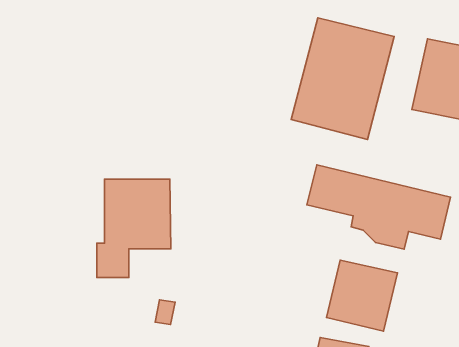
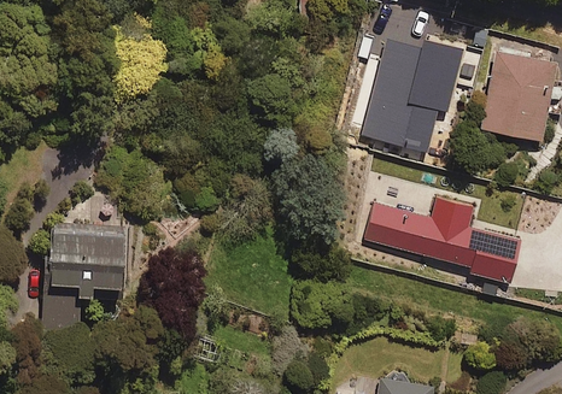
building: [97,179,171,278] -> [43,222,124,329]
building: [326,260,398,331] -> none

